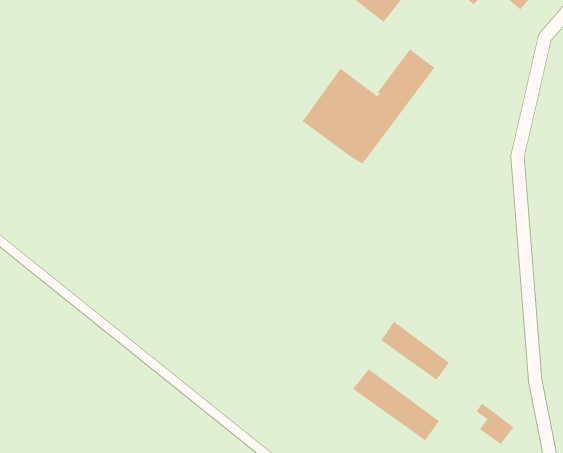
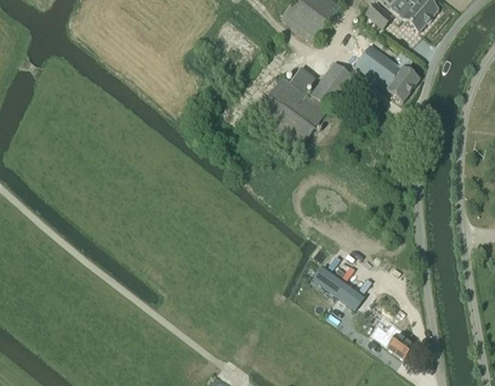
building: none -> [354,44,419,102]
building: [352,368,440,441] -> none

